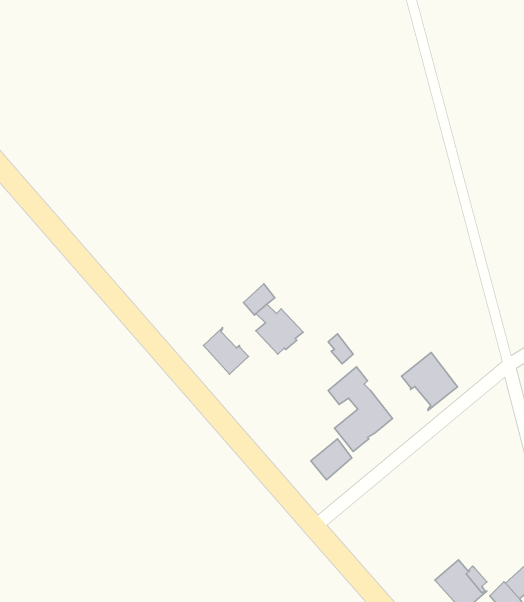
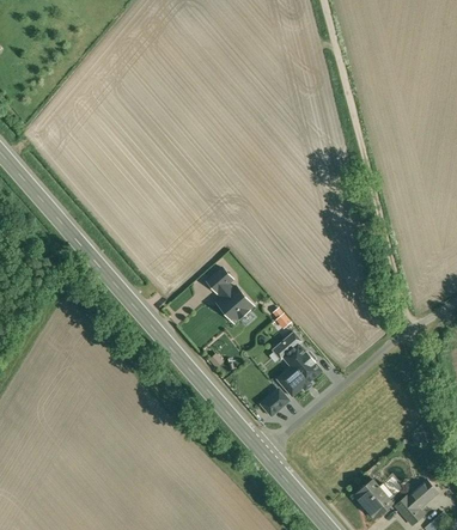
building: [203,328,249,374] -> none
building: [402,353,457,411] -> none

